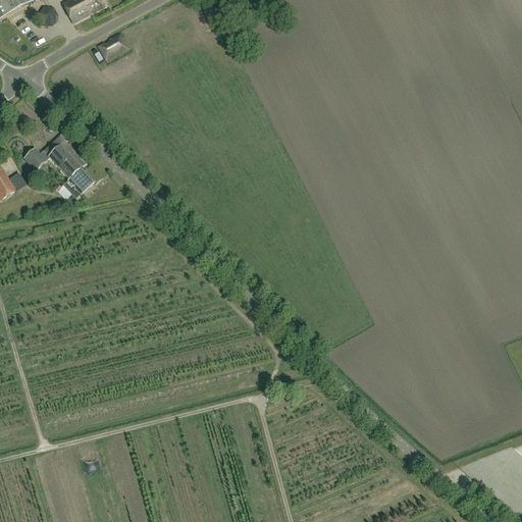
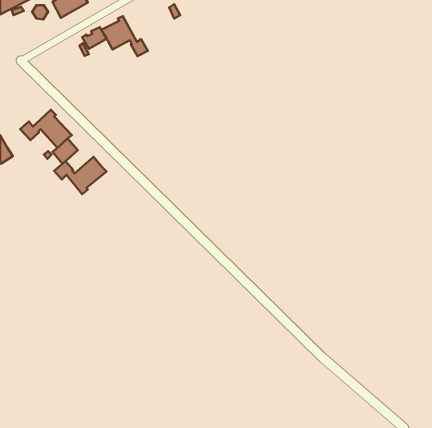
building: none -> [101,16,148,56]
building: none -> [54,157,106,194]

